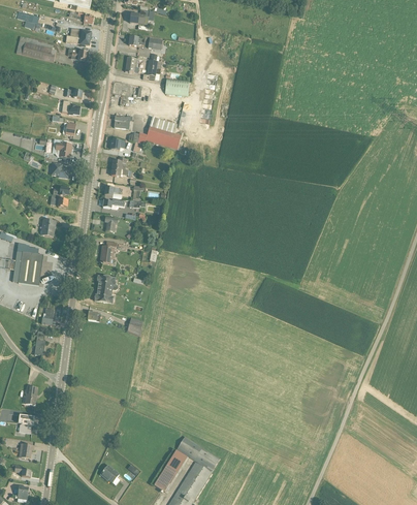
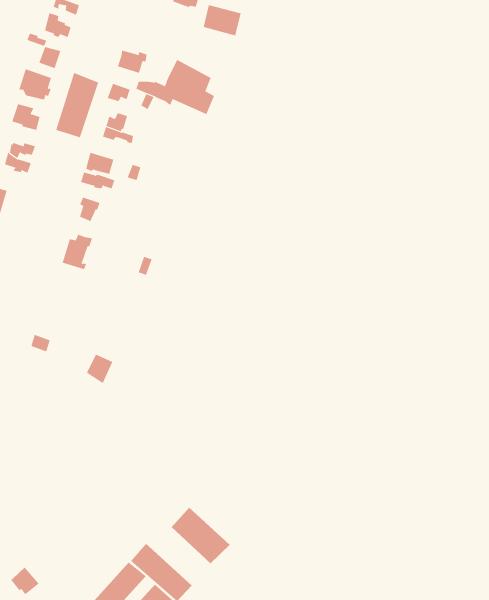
building: none -> [55,72,99,138]
building: [95,276,118,302] -> none
building: none -> [171,507,231,564]

